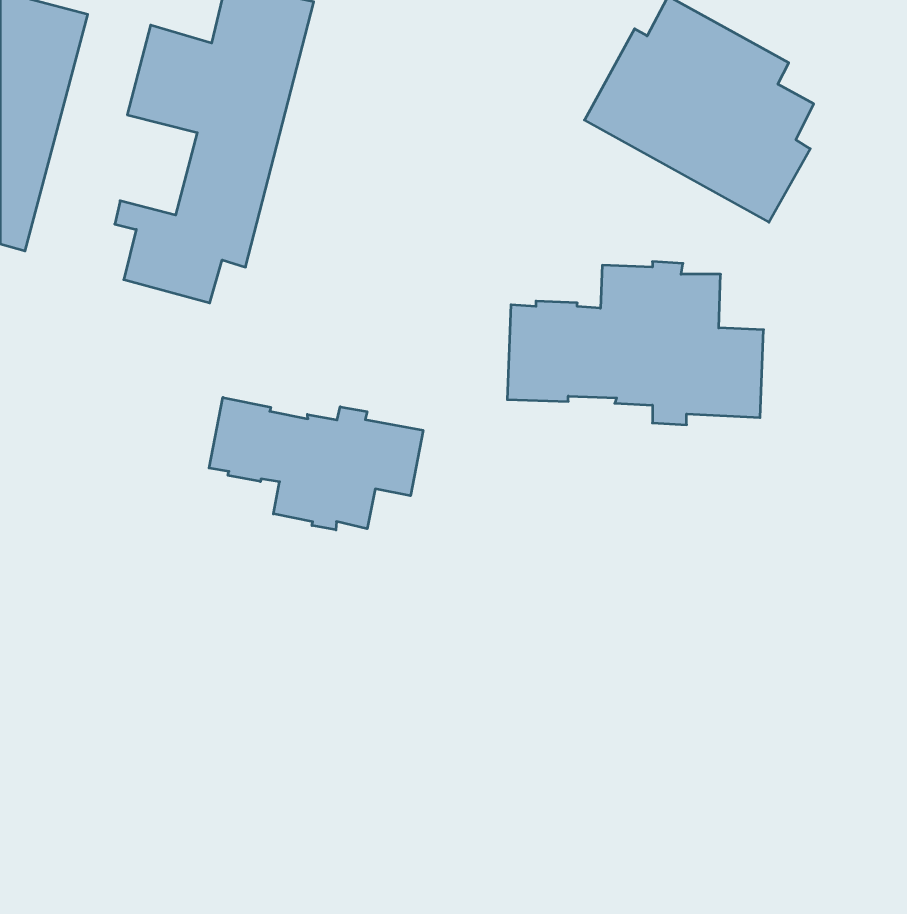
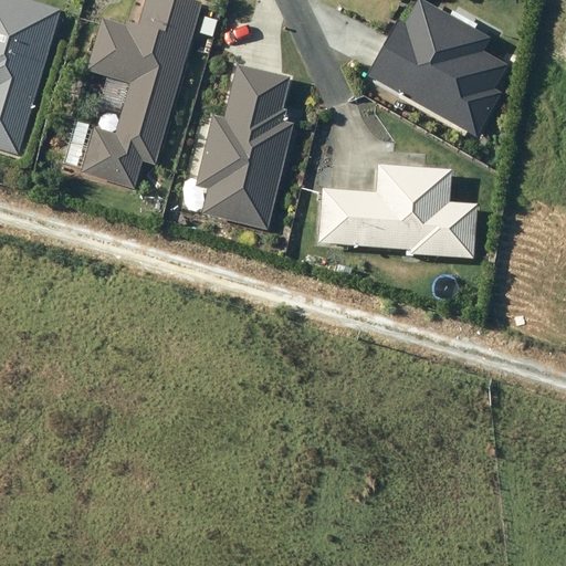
building: none -> [197,65,291,228]
building: [209,397,423,530] -> none

